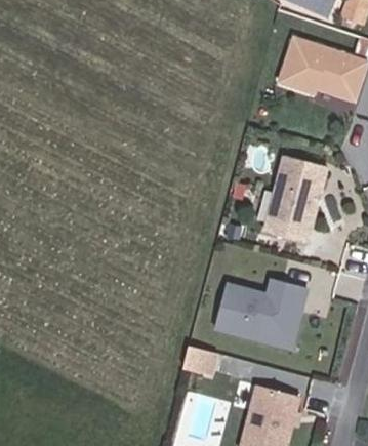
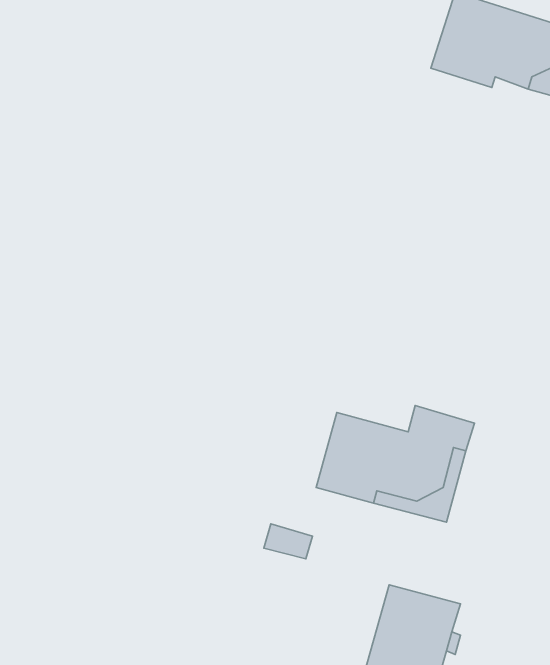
building: [278,155,333,221] -> none

